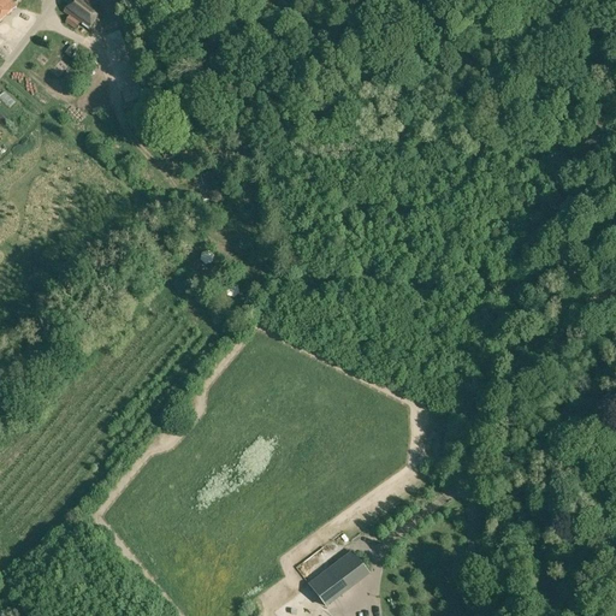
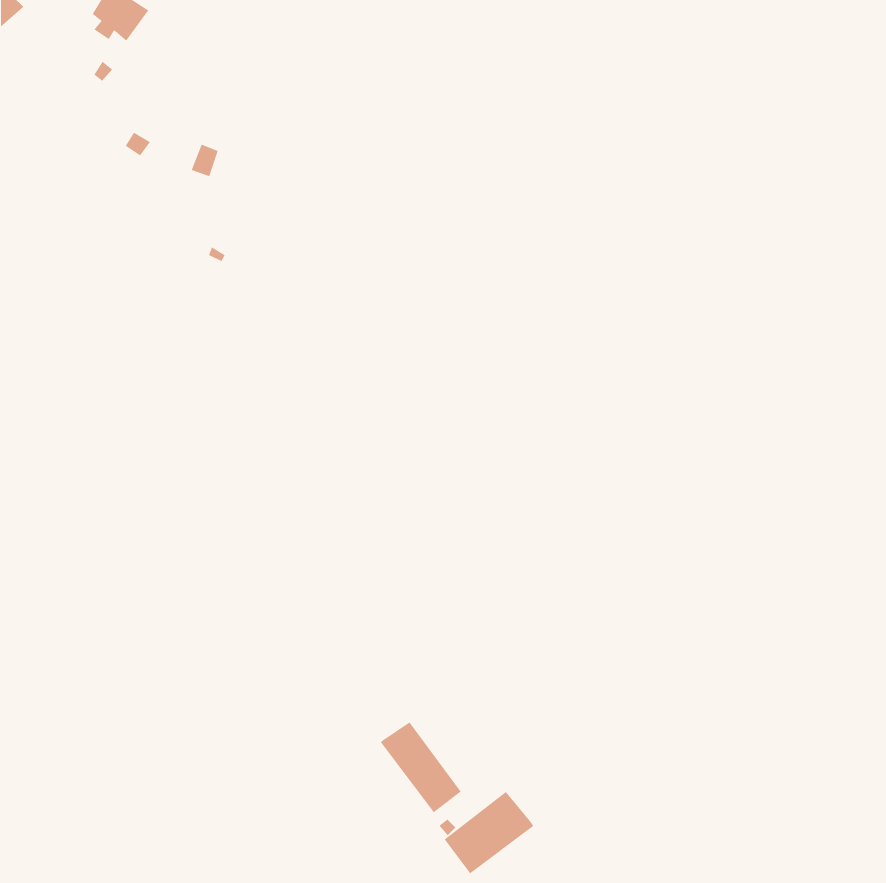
building: none -> [380,722,462,813]

